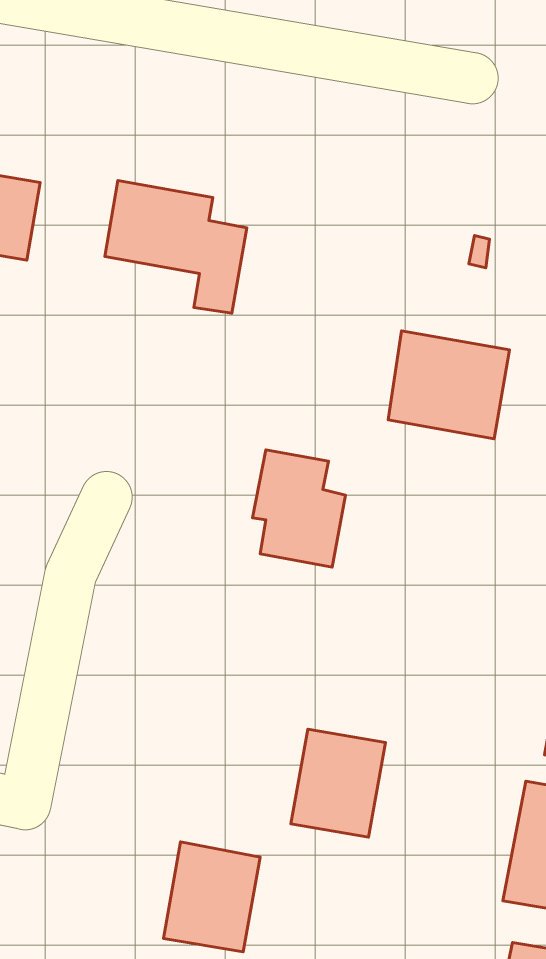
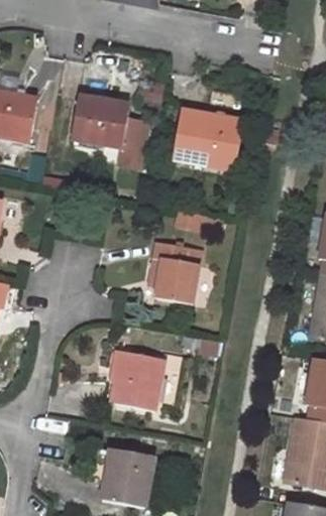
building: [388,331,509,439] -> [176,111,240,168]
building: [291,729,386,837] -> [113,352,164,409]

